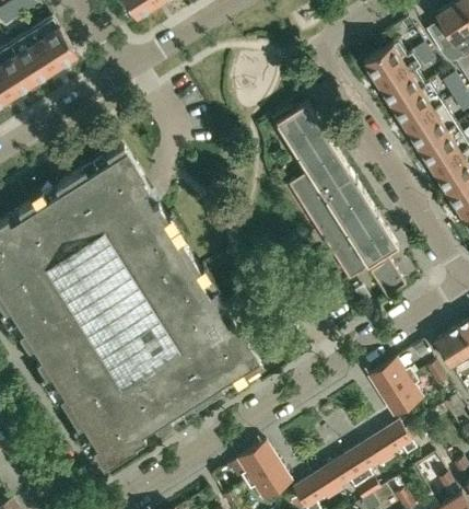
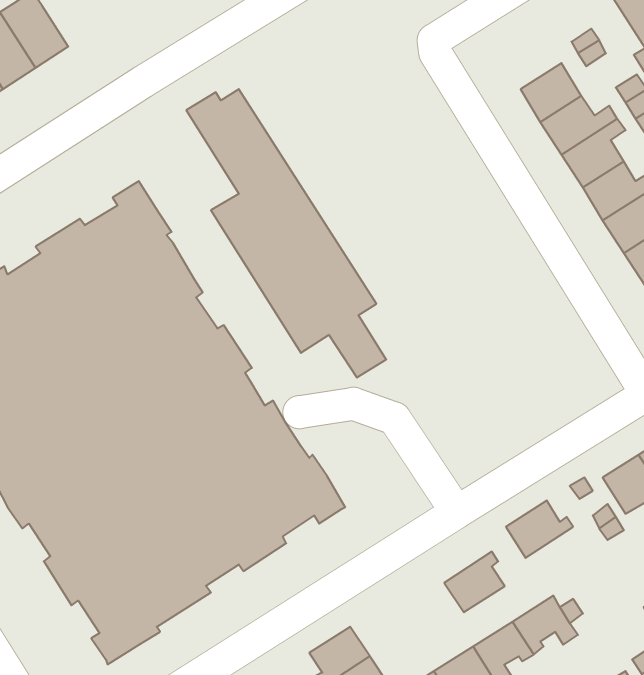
building: [364,45,406,84] -> none
building: [272,104,406,297] -> [186,89,386,377]
building: [382,377,422,417] -> [444,552,505,612]

